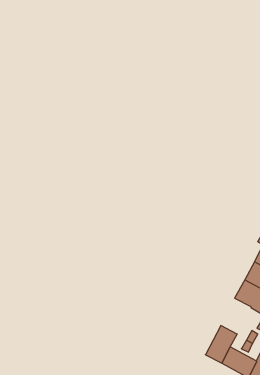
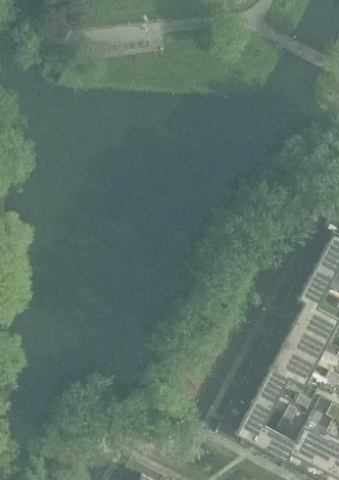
building: none -> [264,372,300,415]

